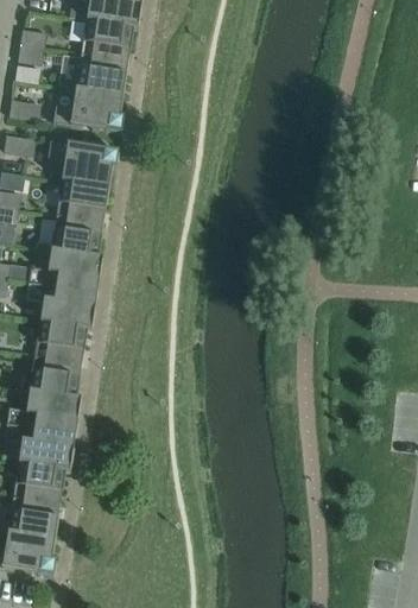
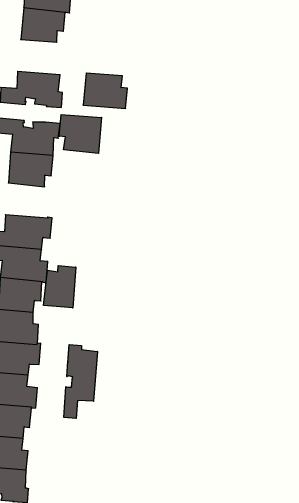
building: [76,53,127,96] -> [83,73,127,108]
building: none -> [59,115,102,153]
building: [51,214,102,256] -> none
building: none -> [44,266,76,308]
building: none -> [64,345,97,418]

